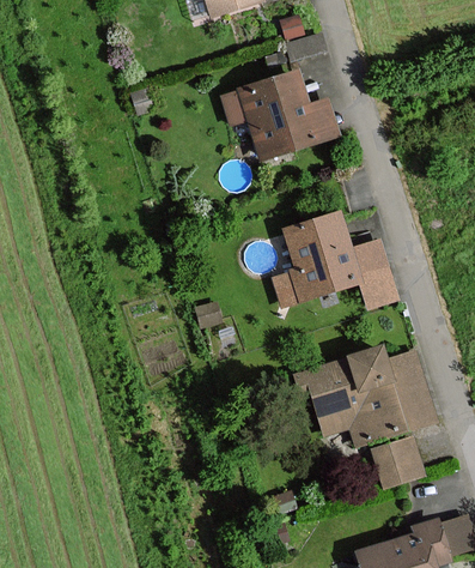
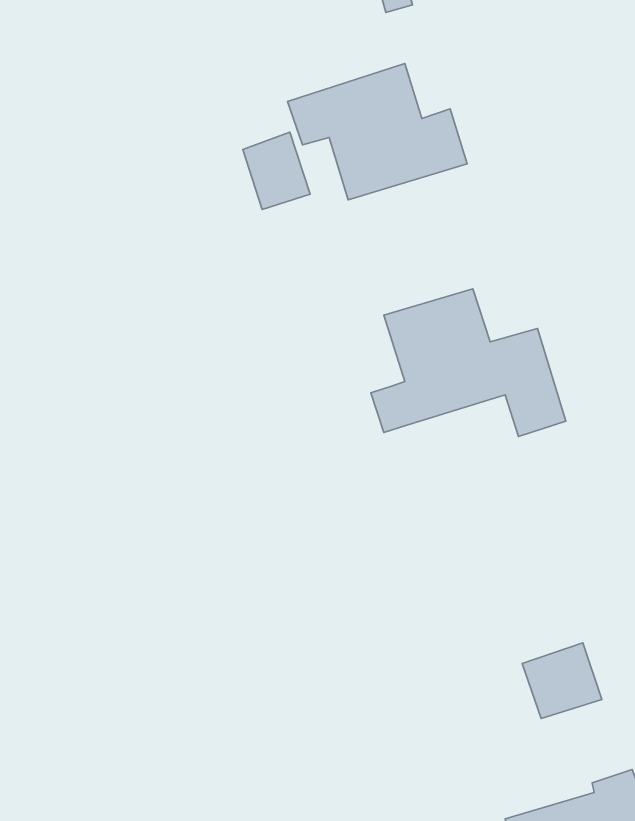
building: none -> [243,132,310,210]
building: [296,345,433,445] -> none

